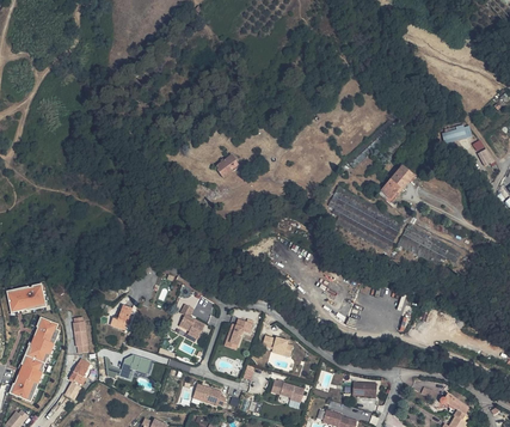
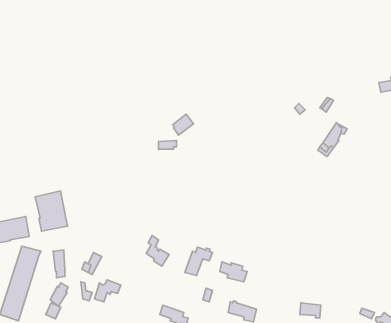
building: none -> [35,191,68,231]

